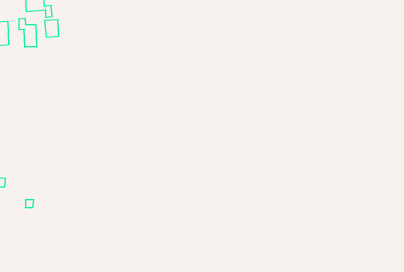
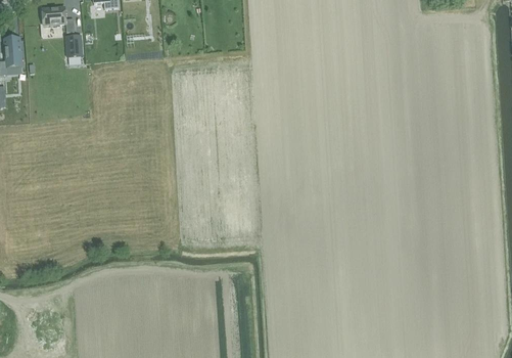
building: [19,18,37,47] -> none

